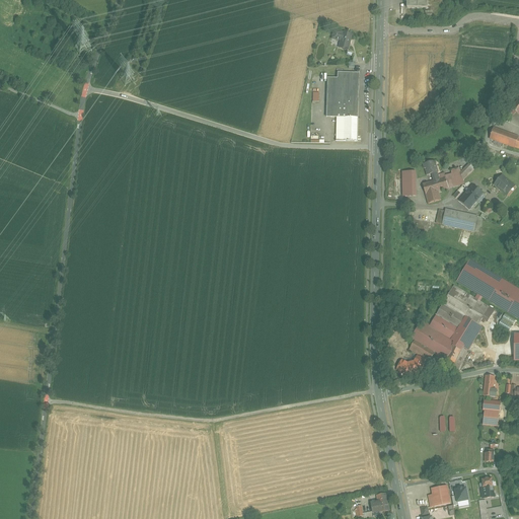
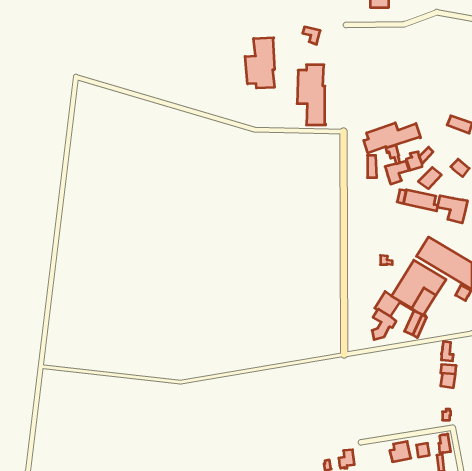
building: none -> [245,38,274,88]
building: none -> [364,123,421,153]
building: none -> [437,196,467,223]

